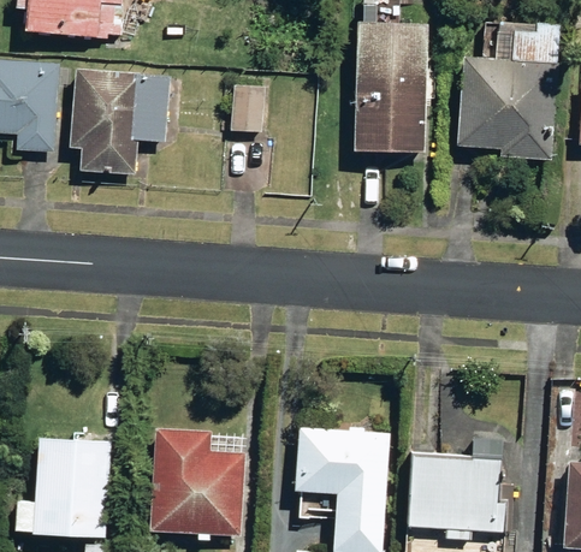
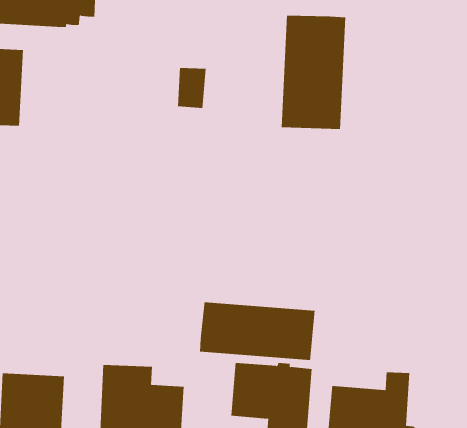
building: [457,25,559,162] -> none
building: [71,71,170,176] -> none
building: none -> [199,302,315,361]

